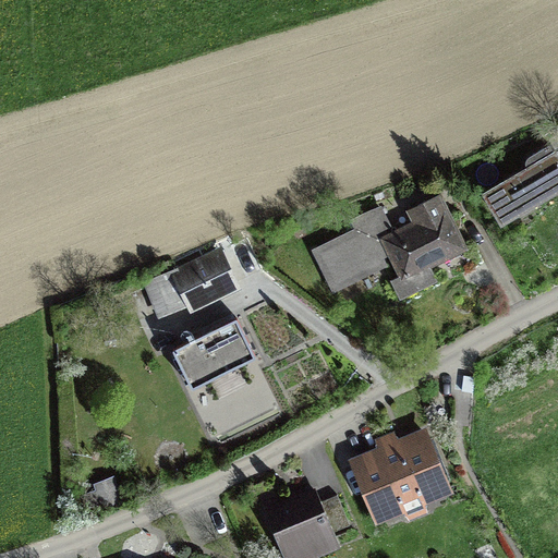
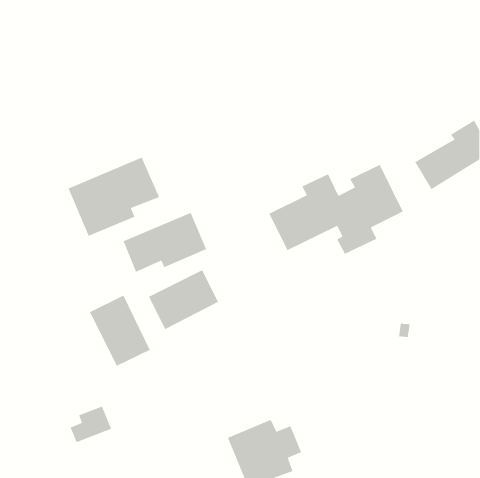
building: none -> [68,156,160,237]
building: none -> [89,294,151,367]
building: [345,426,453,525] -> none

